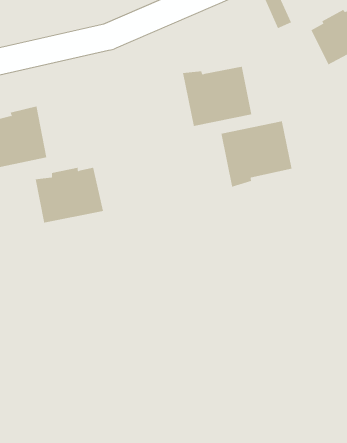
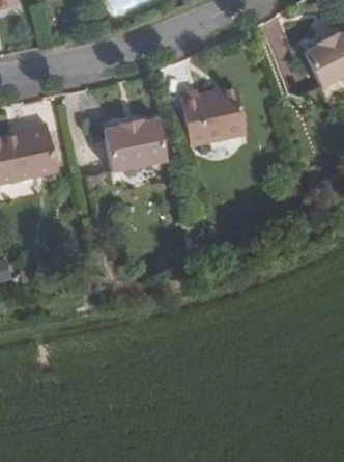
building: [221,120,292,187] -> none
building: [35,167,104,223] -> [95,120,161,173]

